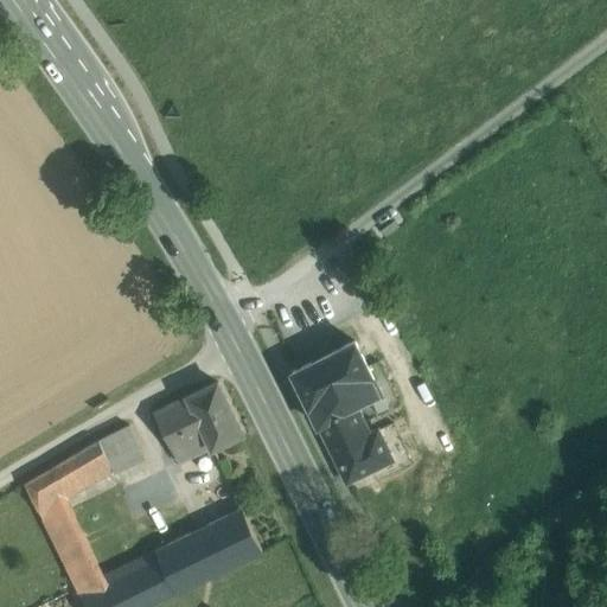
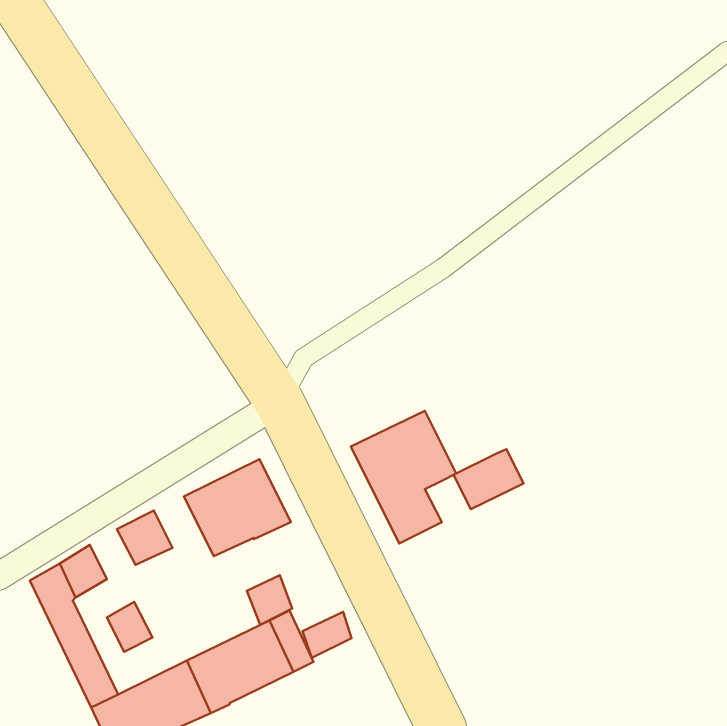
building: [332,433,390,483] -> [454,449,523,509]
building: [75,442,113,484] -> [107,602,153,652]
building: none -> [247,575,292,625]
building: none -> [302,612,351,658]

